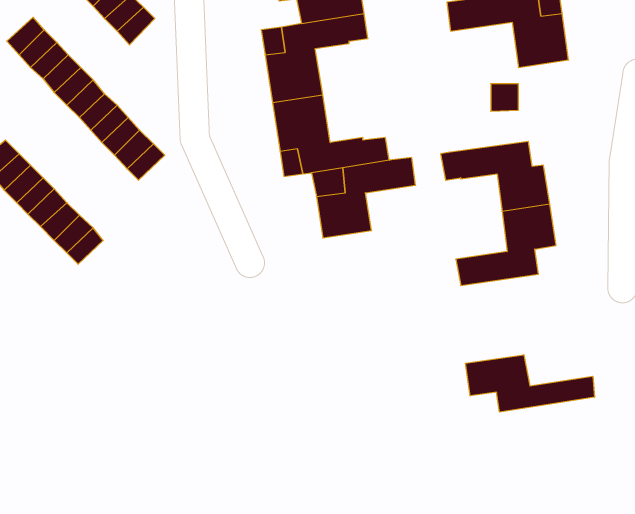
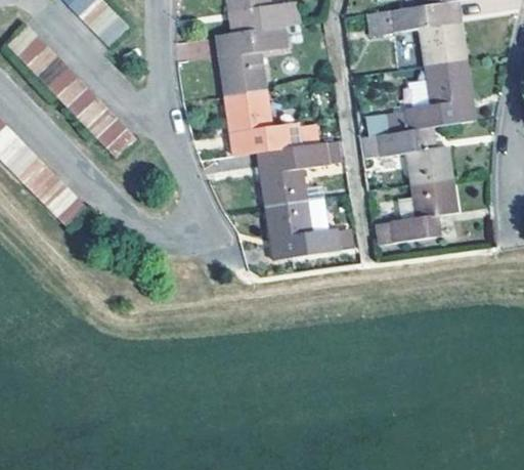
building: none -> [363,59,474,135]
building: none -> [265,199,352,259]
building: [465,355,595,412] -> none

